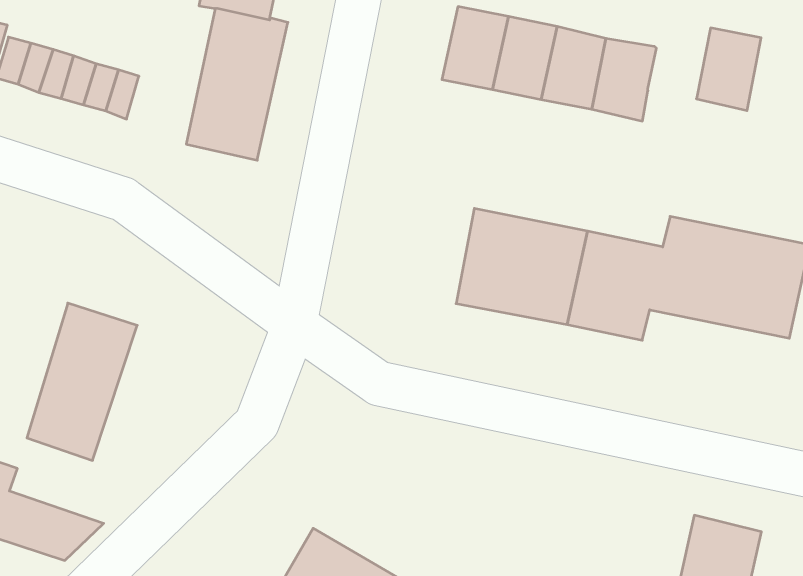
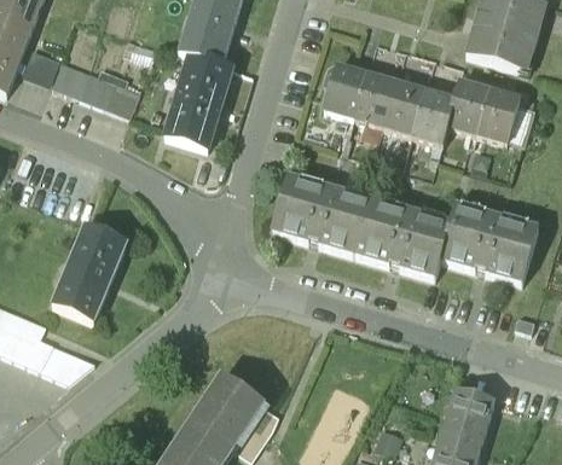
building: none -> [447,80,488,132]
building: none -> [270,173,336,244]

